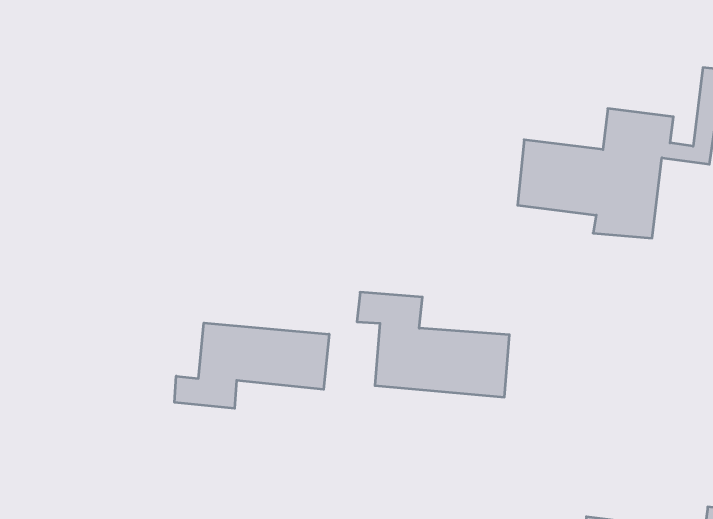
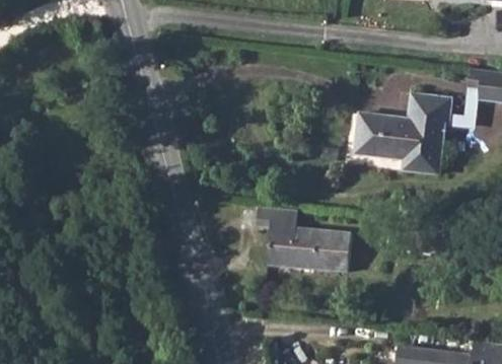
building: [175,323,329,408] -> none

